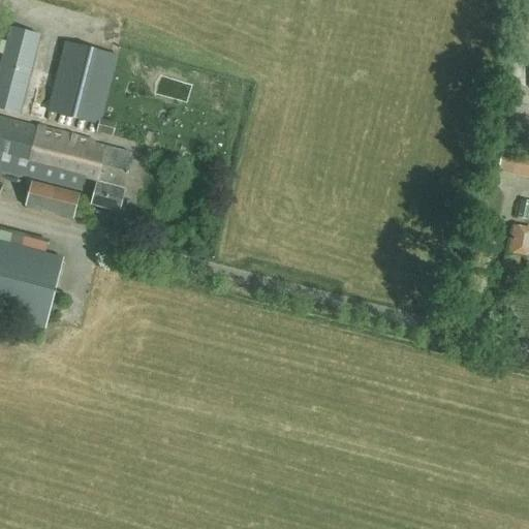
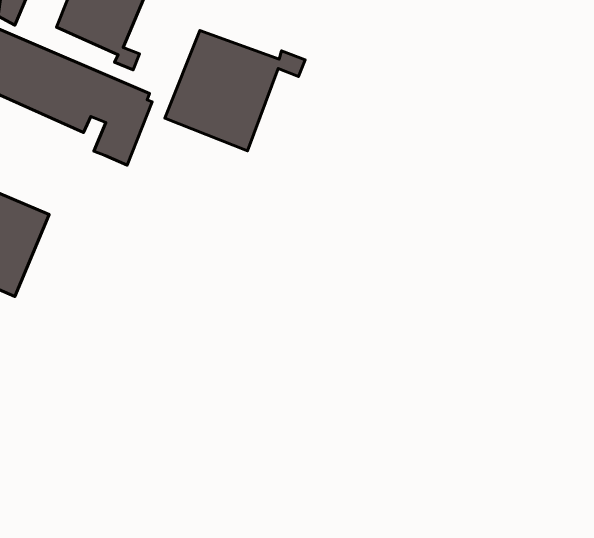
building: none -> [165,31,305,151]
building: [25,180,80,217] -> none

